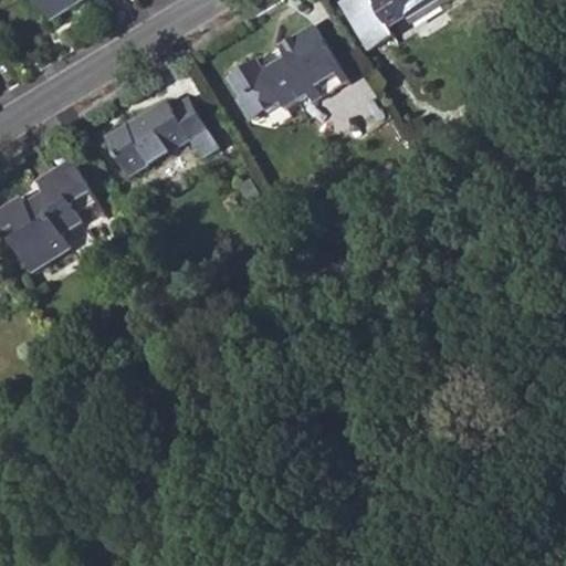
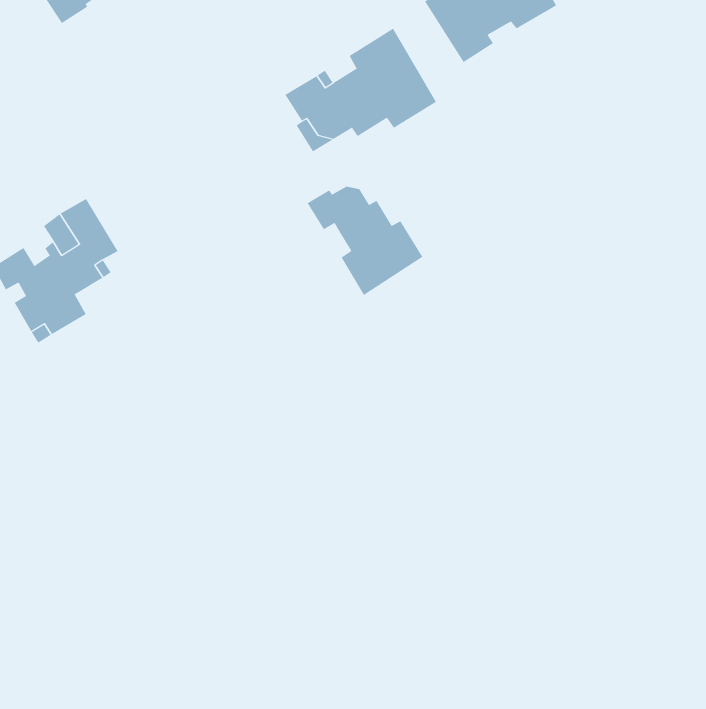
building: [104,96,217,176] -> none
building: none -> [307,186,423,296]

